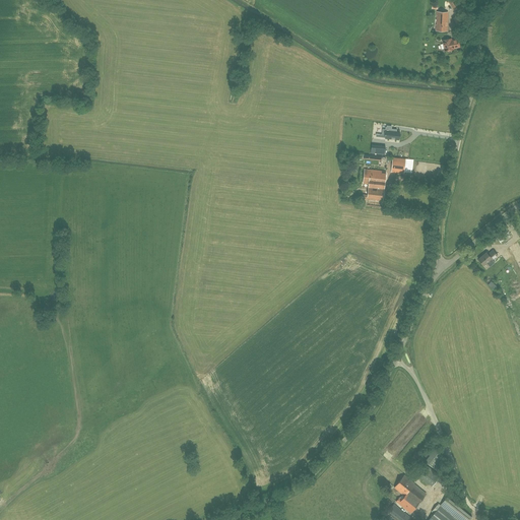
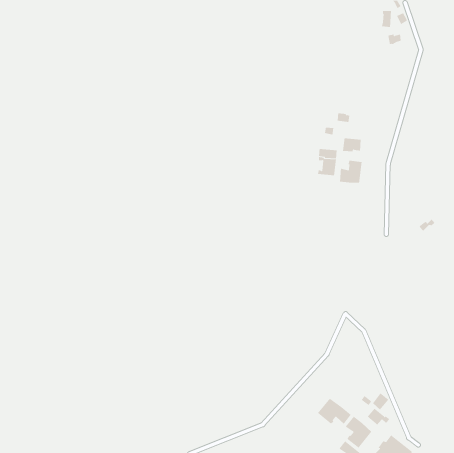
building: none -> [339,160,362,184]
building: none -> [317,398,352,425]

